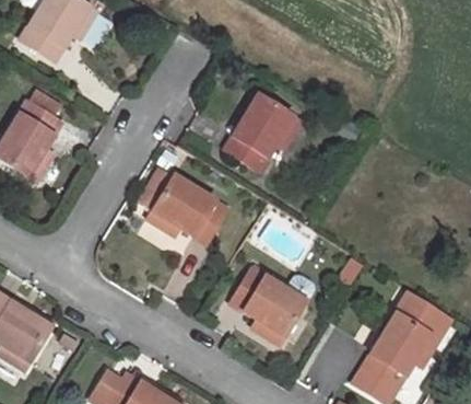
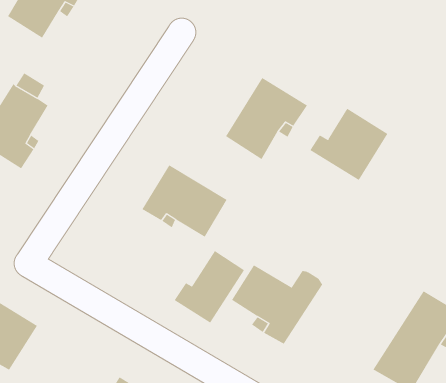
building: none -> [310,108,388,181]
building: none -> [174,250,245,324]

